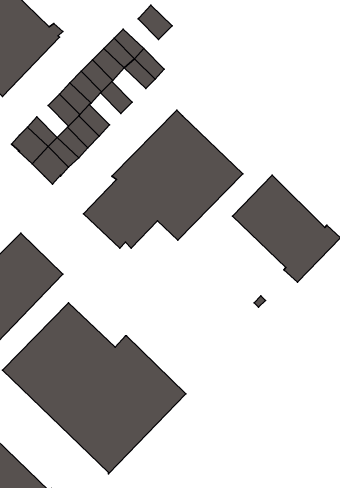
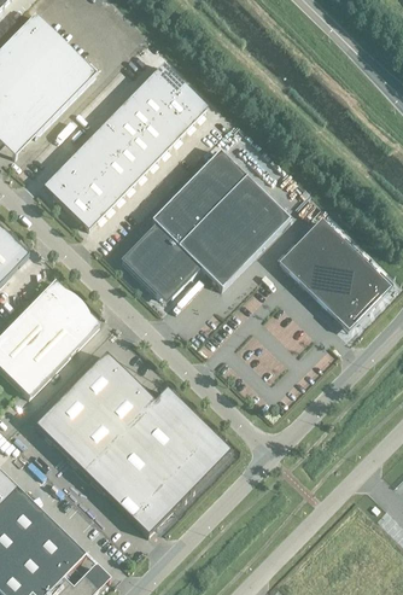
building: [138,5,172,40] -> [151,104,187,140]
building: none -> [127,130,160,164]
building: none -> [71,144,105,177]

